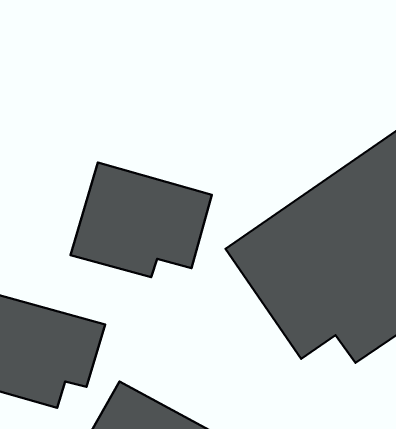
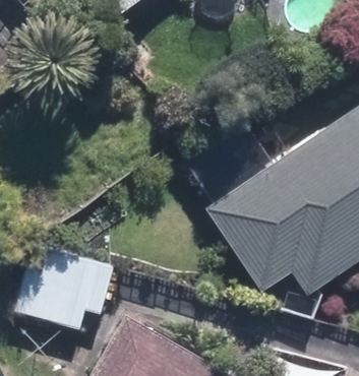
building: [71,162,212,277] -> none

